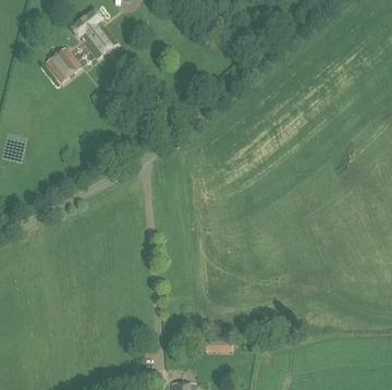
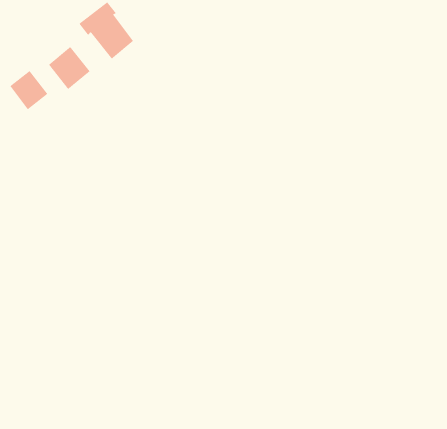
building: none -> [9,70,48,110]

